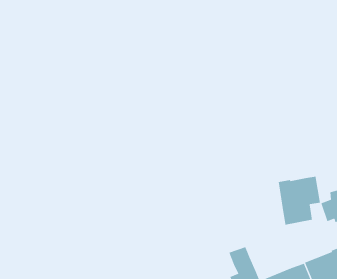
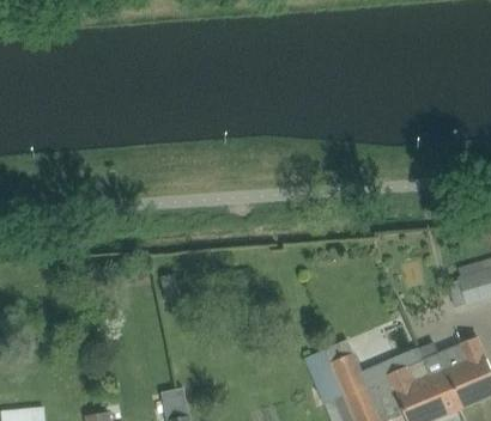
building: [278,176,320,225] -> none

